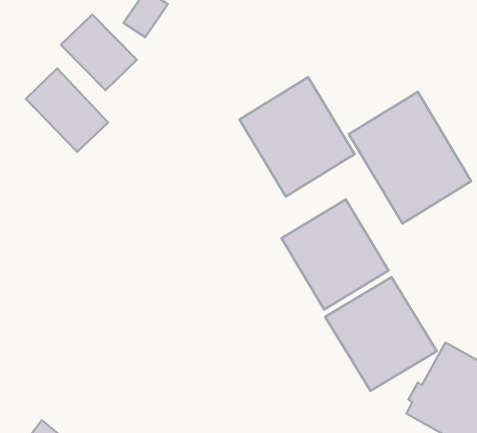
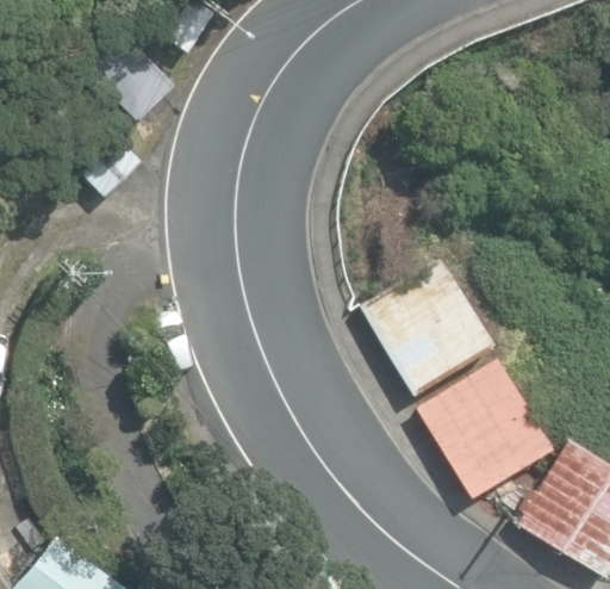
building: [239,77,354,197] -> none
building: [349,92,471,224] -> none

